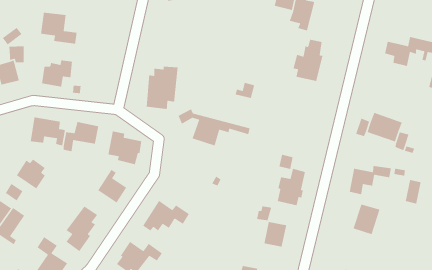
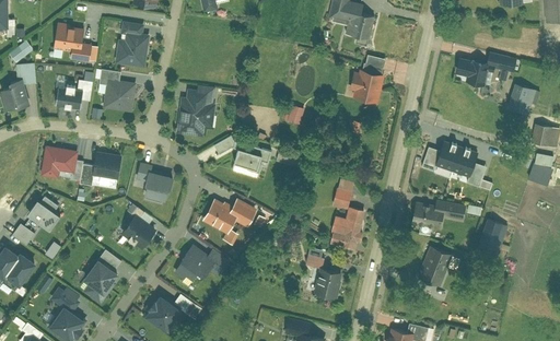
building: none -> [115,22,150,68]
building: none -> [94,69,136,114]
building: none -> [201,198,257,235]

